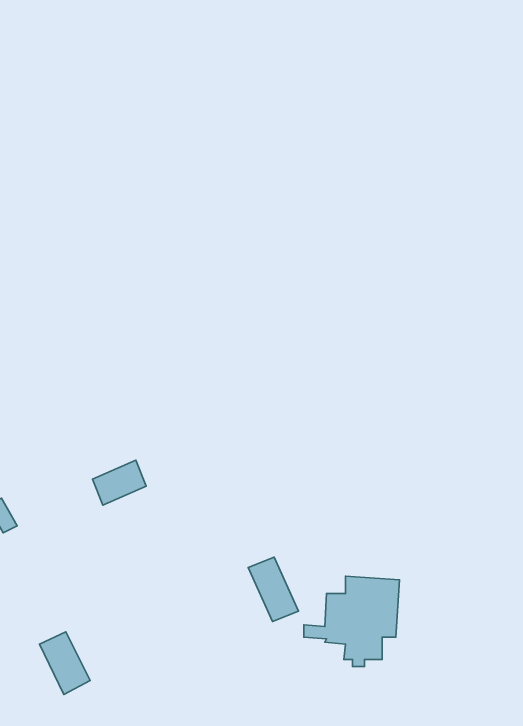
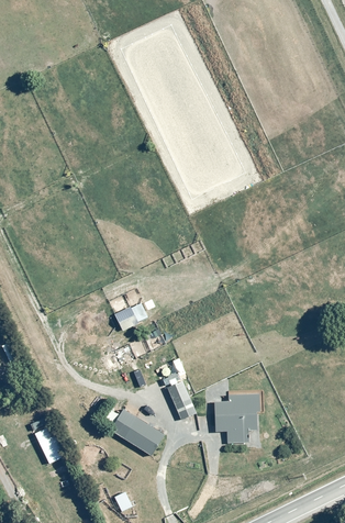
building: [92,460,146,505] -> [114,301,148,330]
building: none -> [111,409,165,454]

